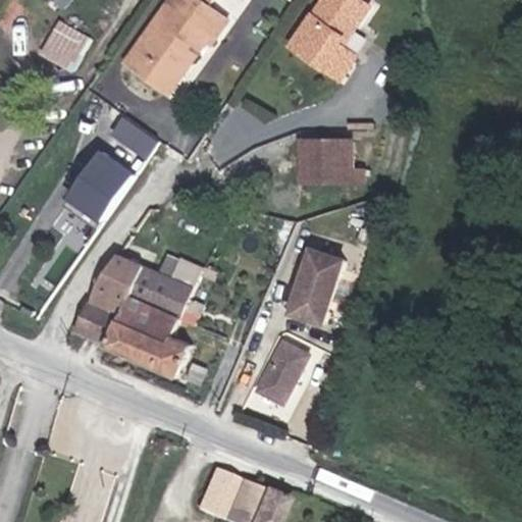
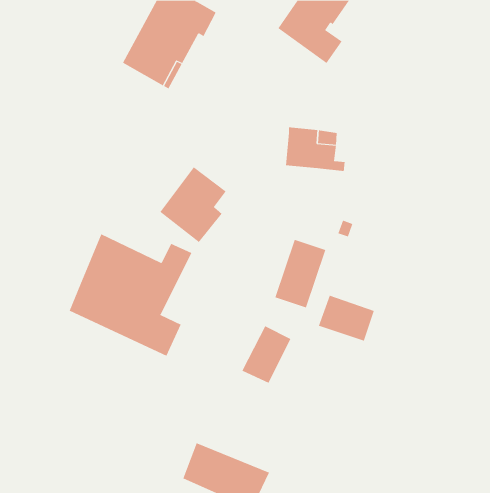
building: [37,19,90,72] -> none
building: [107,115,154,157] -> none
building: [56,146,126,226] -> [159,166,226,243]
building: none -> [318,295,374,342]

